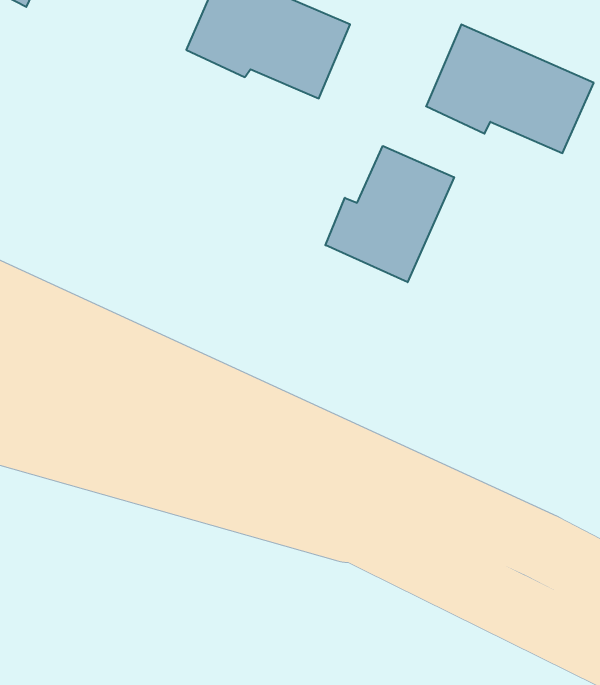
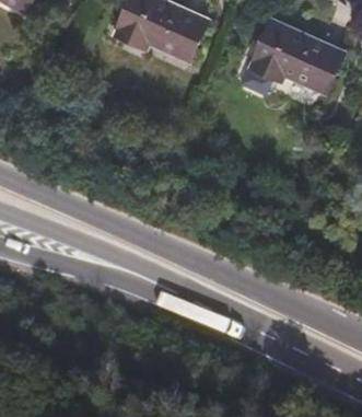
building: [325,146,454,282] -> none

